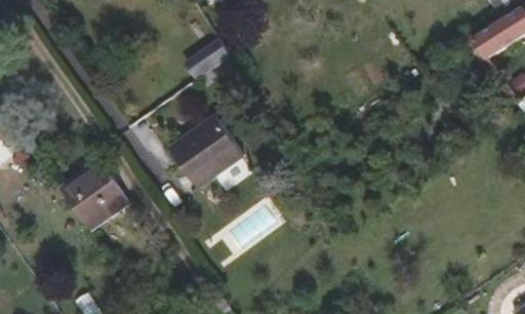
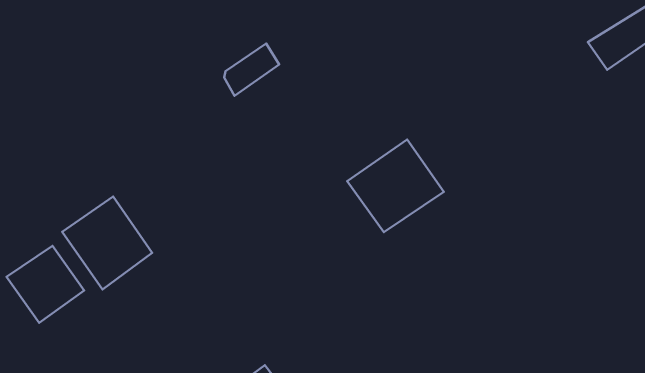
building: [167,116,243,189] -> [347,139,444,232]
building: none -> [7,246,84,323]

